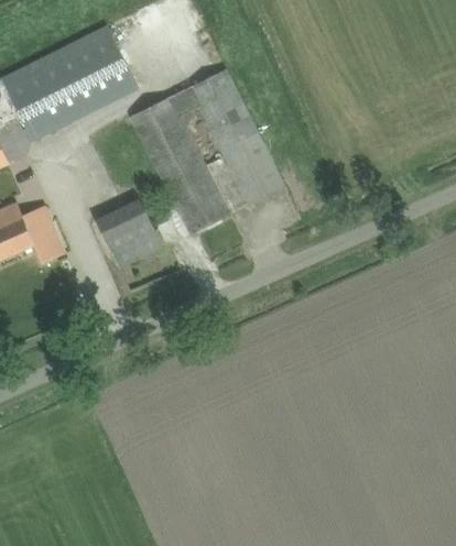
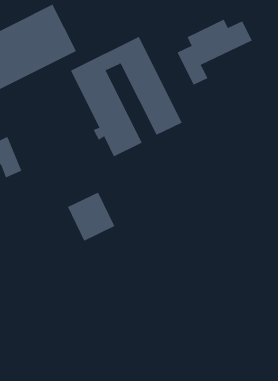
building: none -> [177,19,252,86]
building: [96,199,162,267] -> [67,192,115,241]

